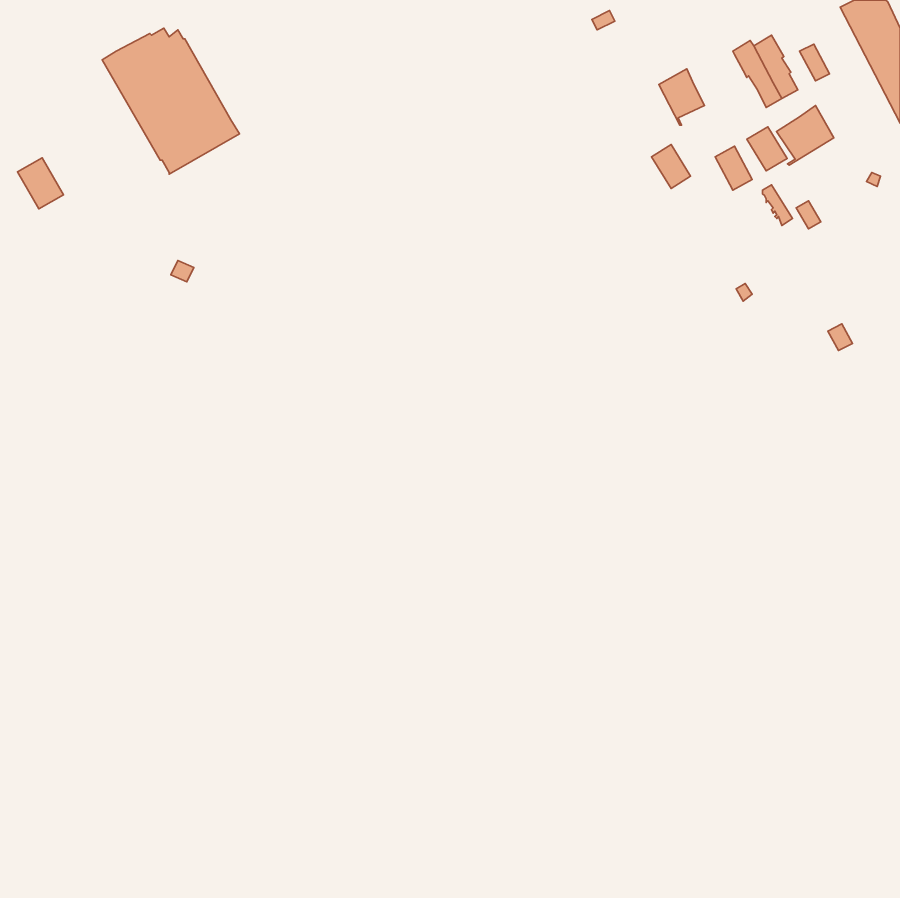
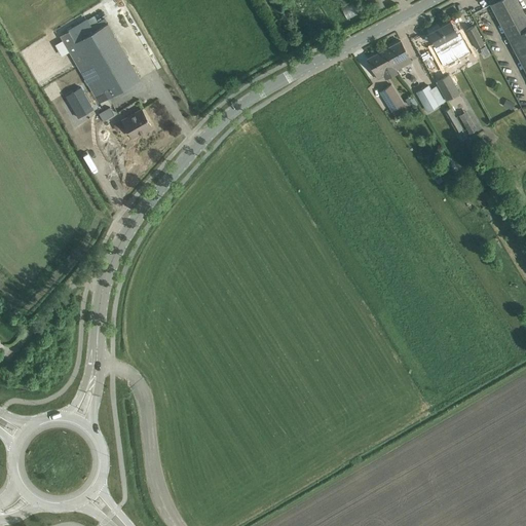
building: none -> [367,50,397,80]
building: [777,106,834,165] -> none
building: [18,158,63,209] -> [66,87,92,117]
building: none -> [122,110,152,138]

